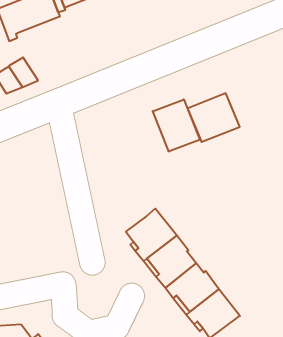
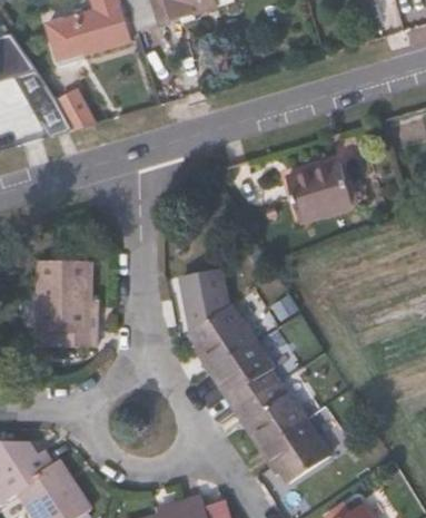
building: [153,99,200,152] -> none
building: none -> [177,268,219,333]
building: none -> [37,261,95,346]

